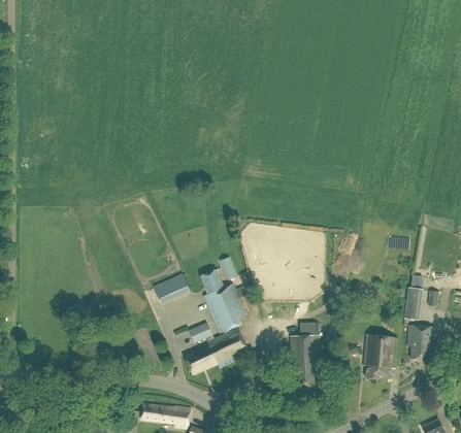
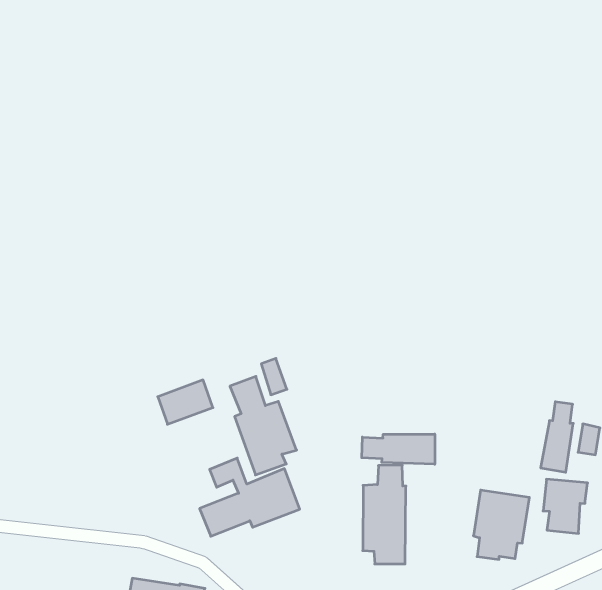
building: none -> [362,434,435,464]

